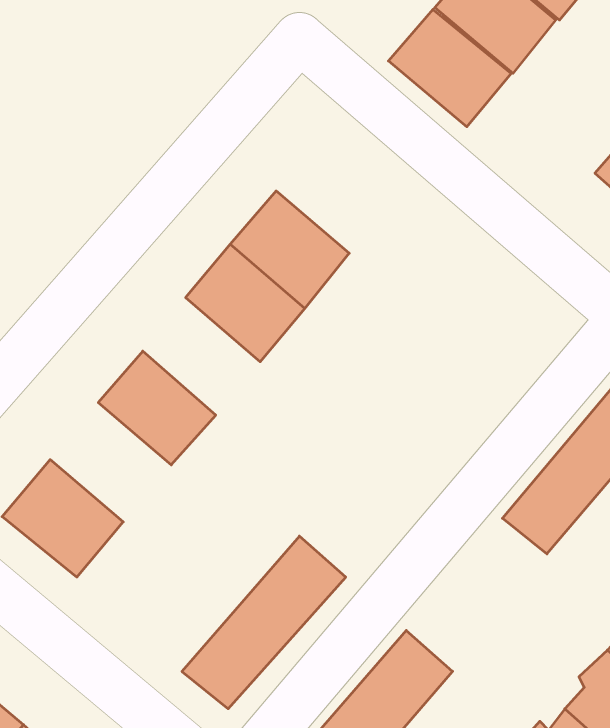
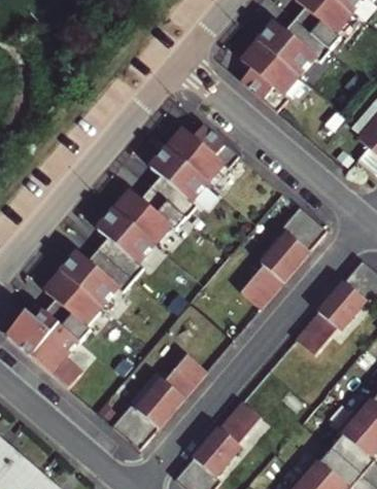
building: none -> [166,114,236,183]
building: none -> [231,204,328,307]
building: none -> [89,209,157,277]
building: none -> [35,270,105,339]

